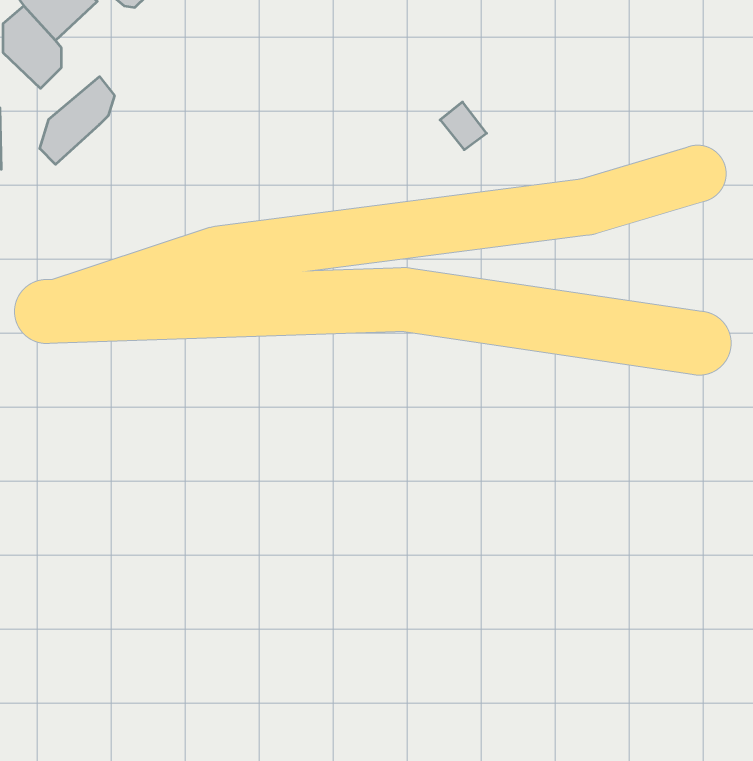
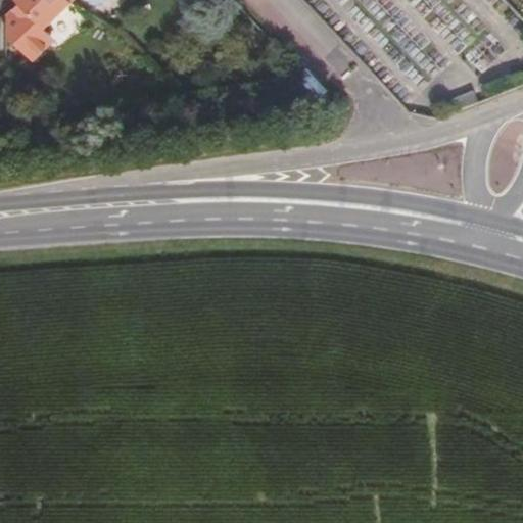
building: [40,77,114,164] -> none

